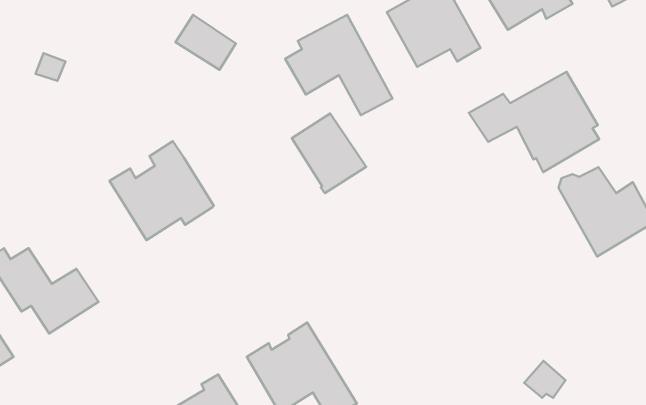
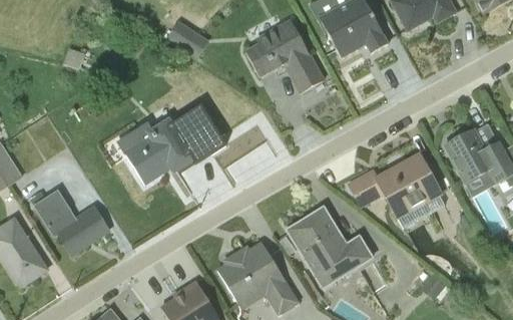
building: [469,72,599,172] -> [349,154,444,228]
building: [292,113,366,193] -> [171,105,225,164]
building: none -> [289,208,373,288]

